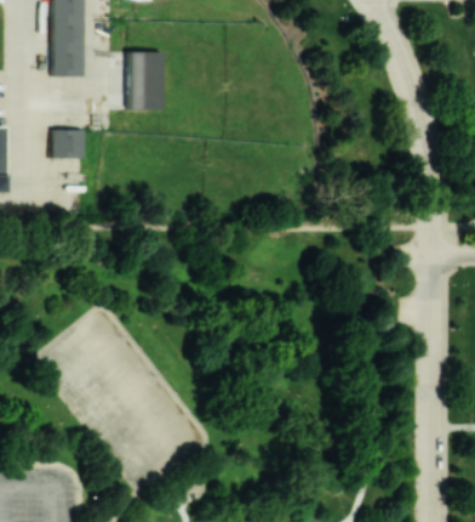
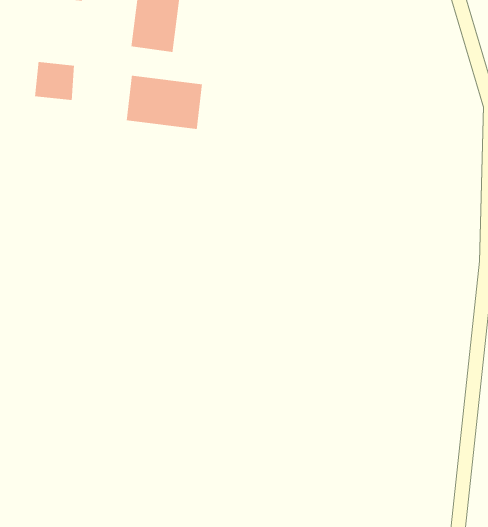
building: none -> [126,75,203,130]

